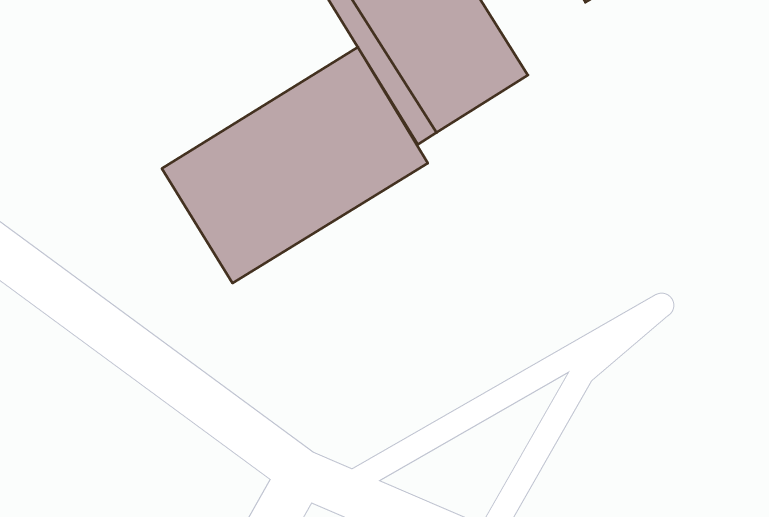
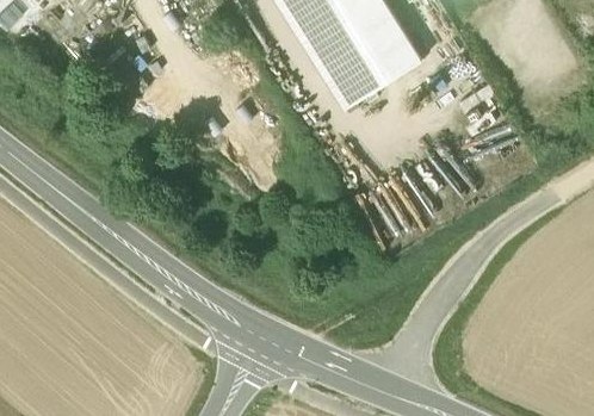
building: [162,47,428,283] -> none

